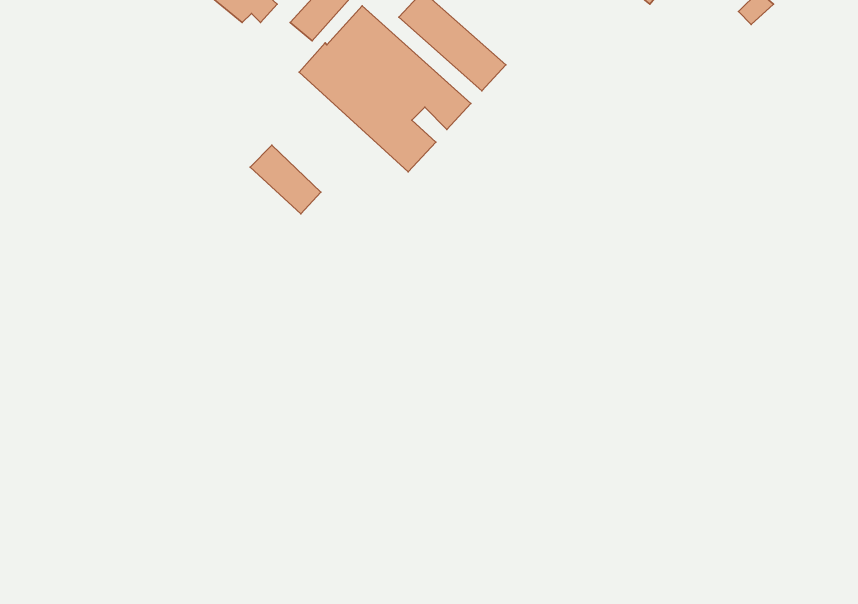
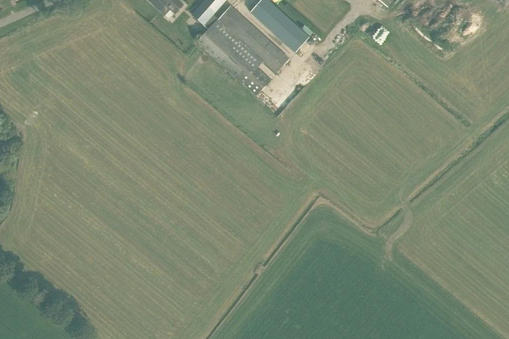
building: [250,145,321,214] -> none

